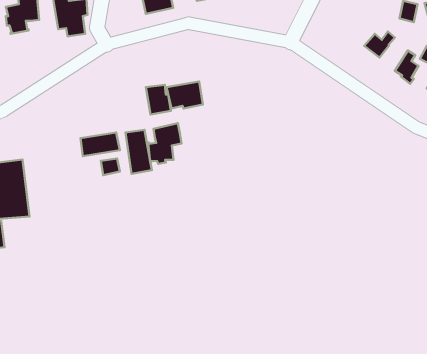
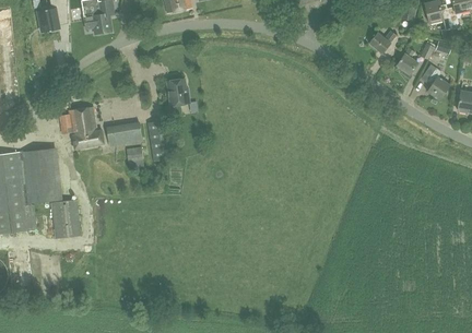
building: [167,81,203,109] -> none
building: none -> [59,106,104,148]
building: [148,123,182,164] -> none
building: none -> [50,199,80,238]

